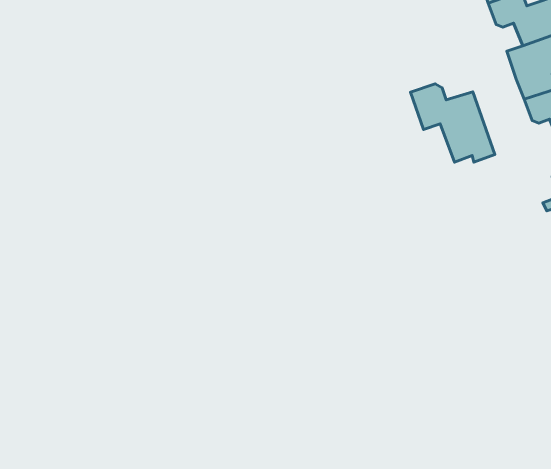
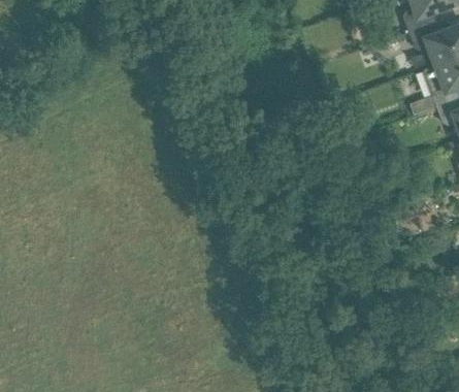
building: [410,84,495,162] -> none

